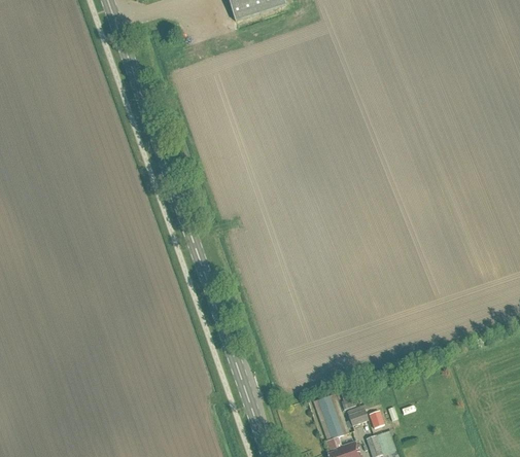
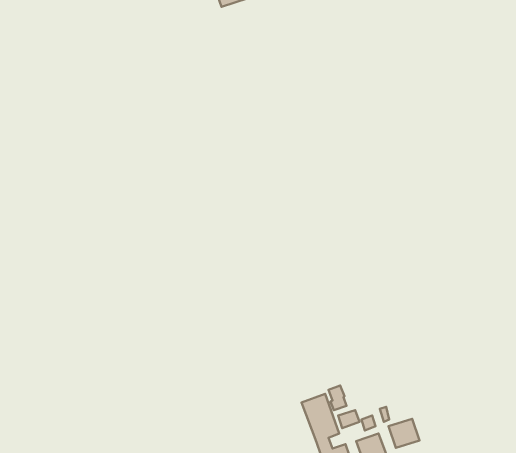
building: none -> [388,419,420,448]

